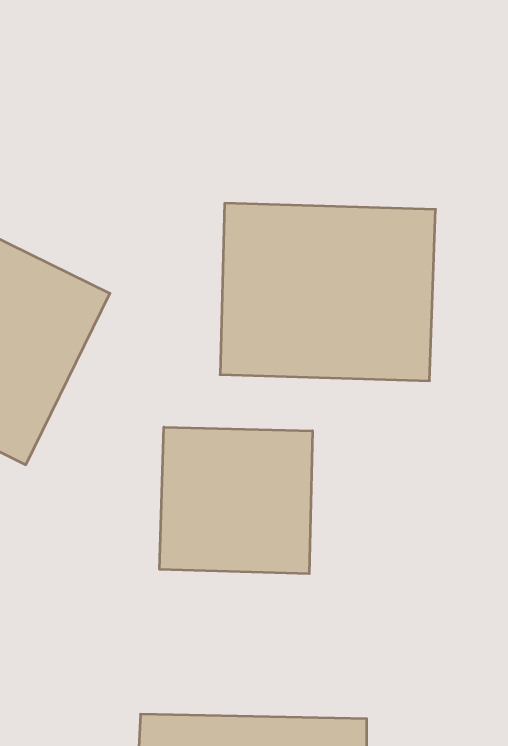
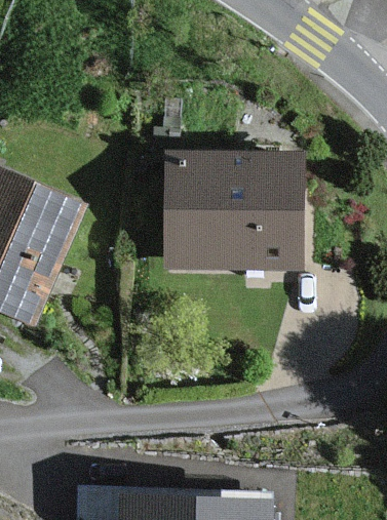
building: [160,427,312,574] -> none

